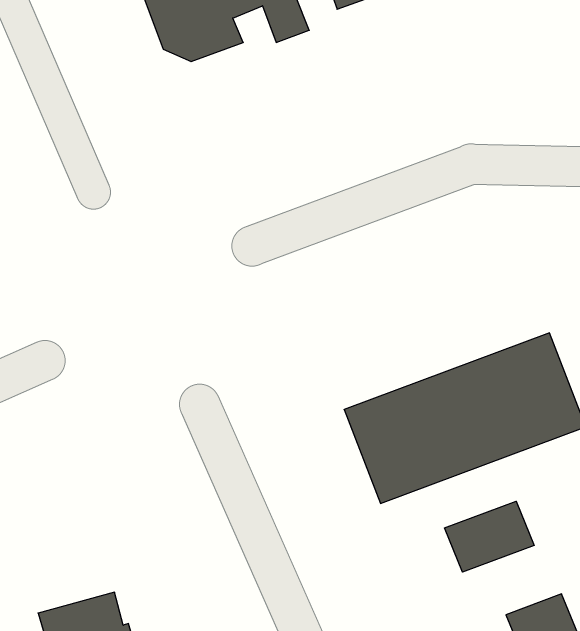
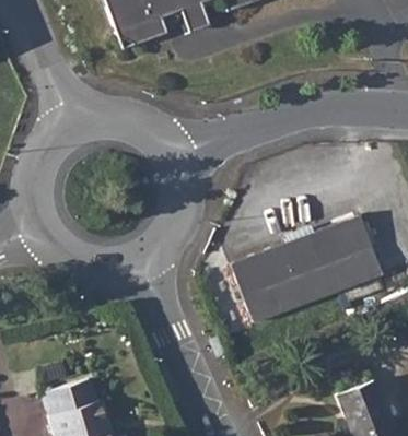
building: [445,501,534,572] -> none

